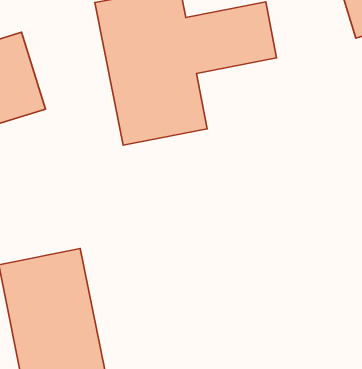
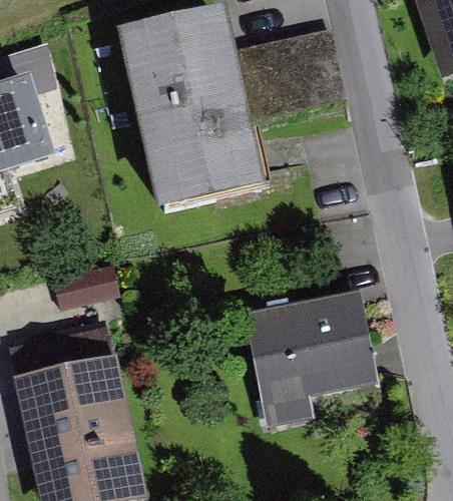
building: none -> [247,295,374,403]

